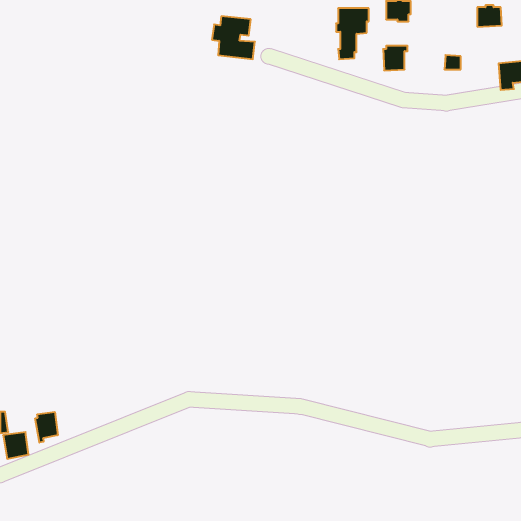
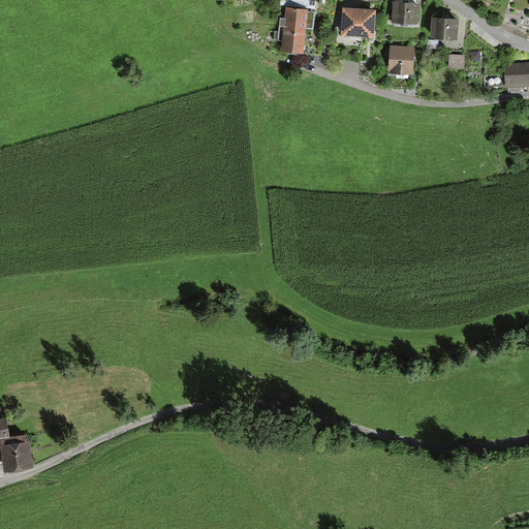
building: [477,5,502,27] -> [432,17,457,38]
building: [212,16,255,59] -> [276,8,319,52]
building: [35,412,58,443] -> none

